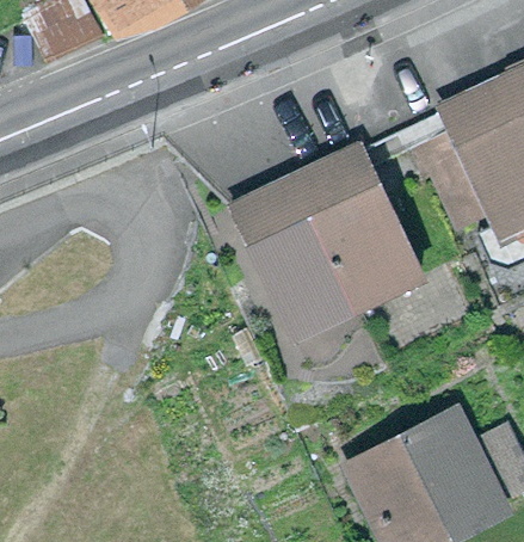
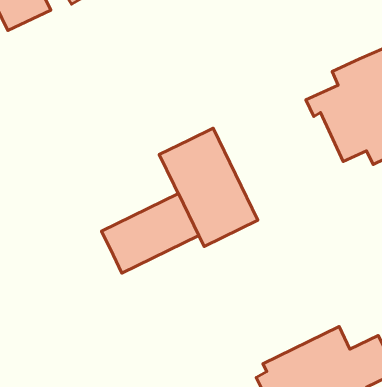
building: [297,142,414,284] -> none
building: none -> [101,194,199,273]

